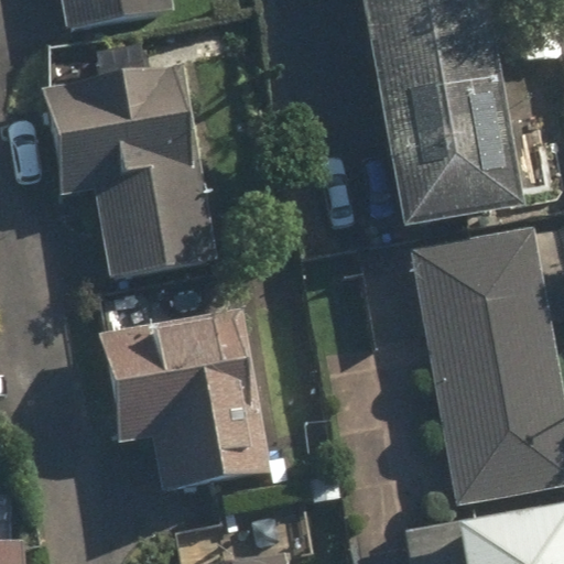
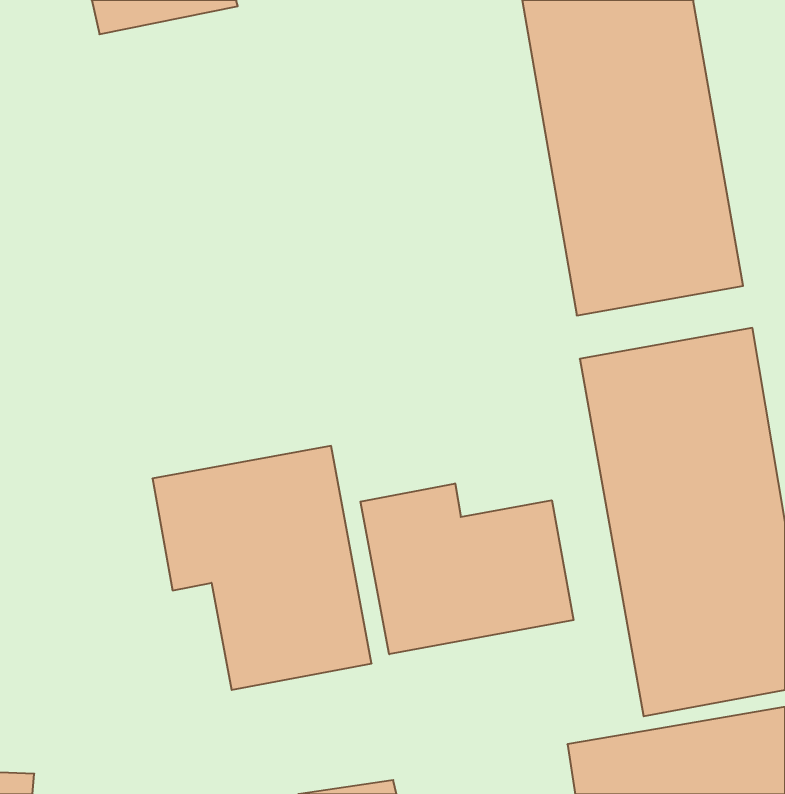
building: [48,63,217,278] -> none
building: none -> [360,483,574,654]

